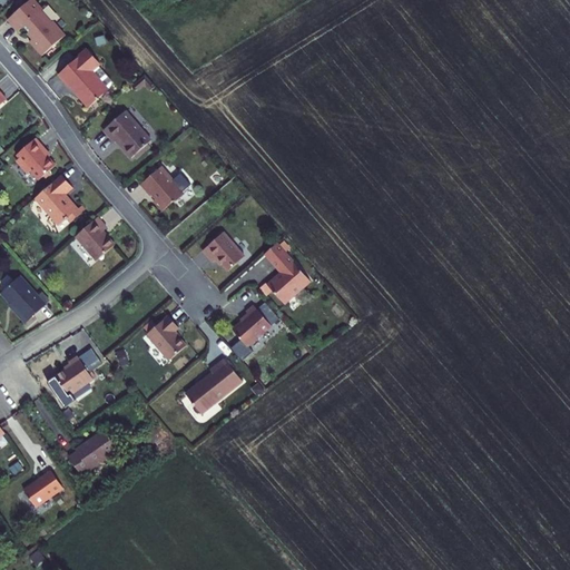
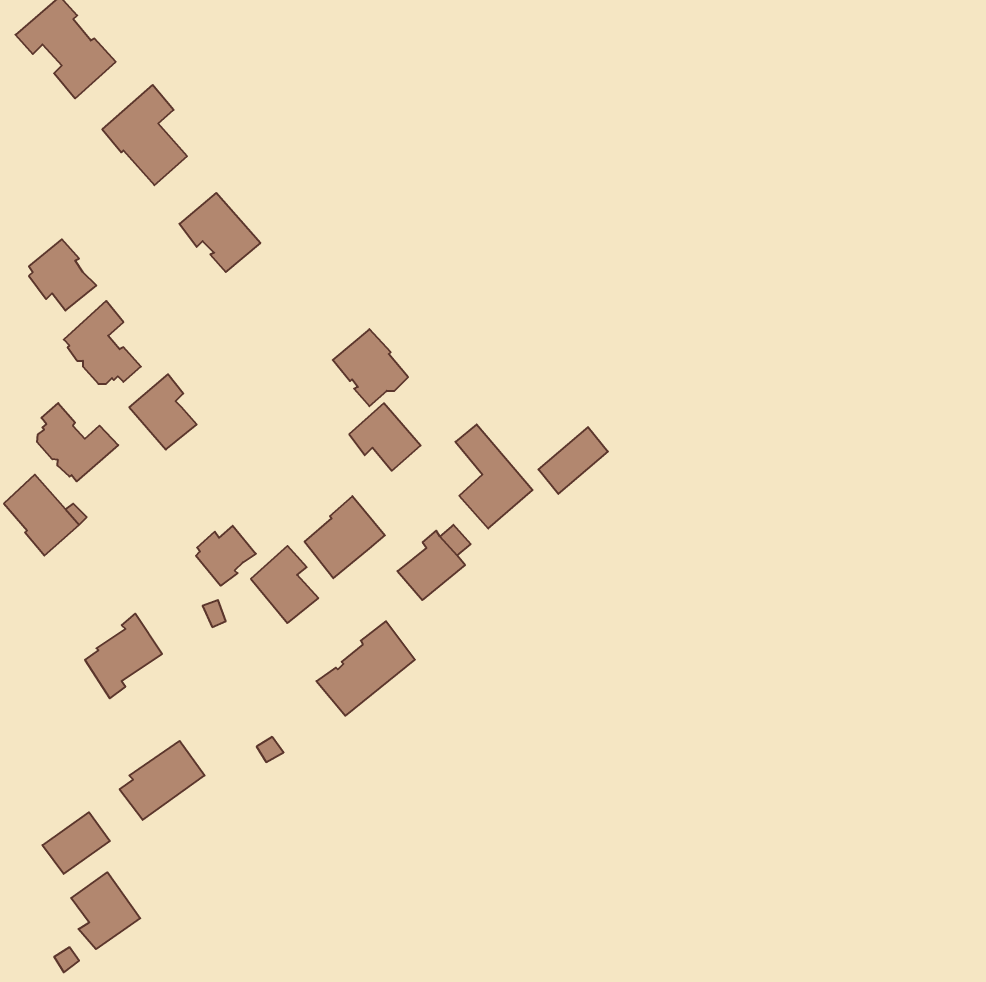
building: [140,166,184,210] -> [333,329,408,406]
building: none -> [37,403,118,481]
building: none -> [538,427,608,494]
building: none -> [305,496,385,578]
building: none -> [196,526,256,586]
building: none -> [71,872,140,949]

